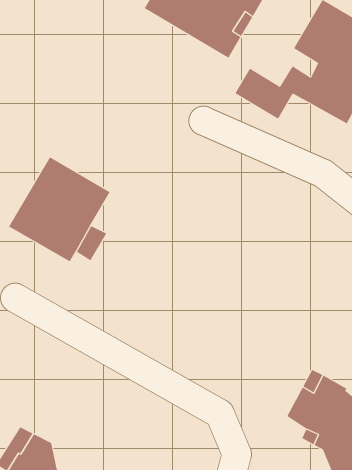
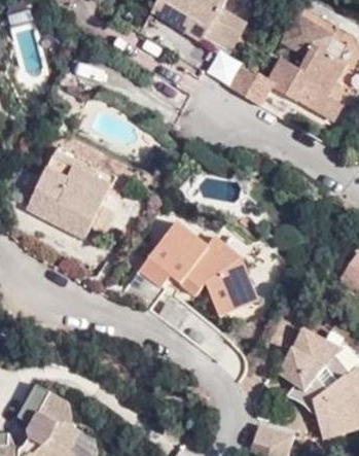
building: none -> [122,223,258,316]

